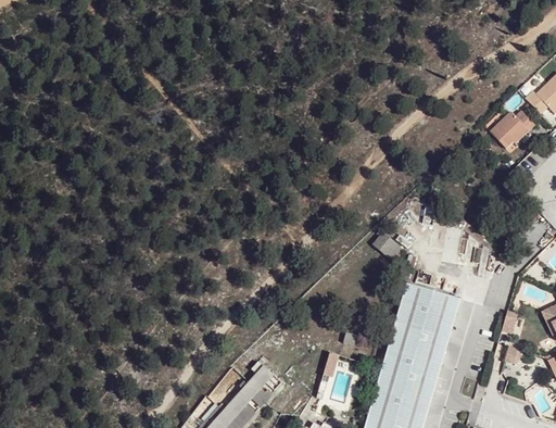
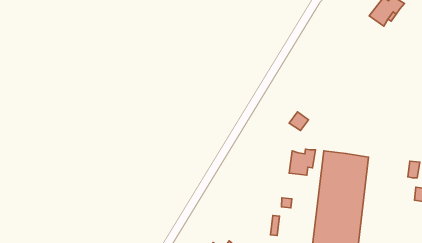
building: none -> [289,149,315,175]

